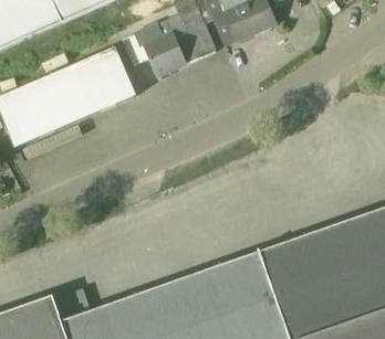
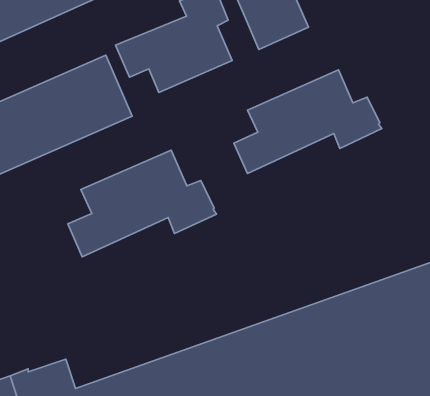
building: none -> [234,70,382,173]
building: none -> [68,150,216,257]

